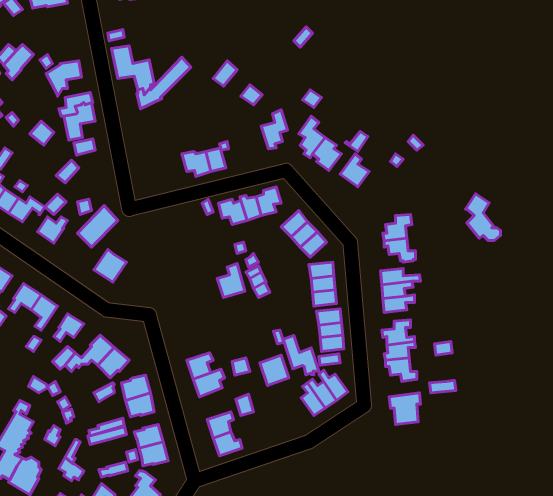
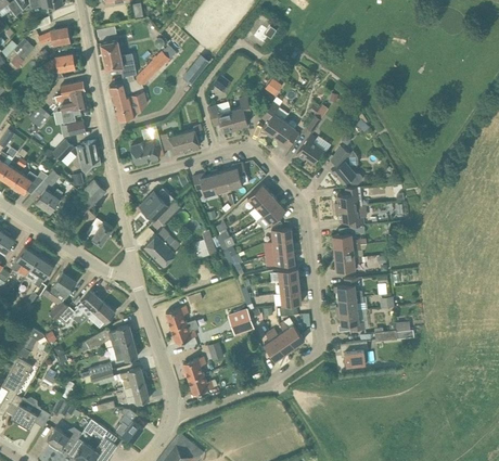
building: none -> [35,24,68,46]
building: none -> [108,84,146,121]
building: none -> [208,104,235,133]
building: none -> [76,141,100,174]
building: none -> [130,141,164,165]
building: [465,194,501,241] -> [331,146,361,187]
building: none -> [139,189,175,221]
building: none -> [143,229,180,267]
building: [283,335,319,375] -> none

